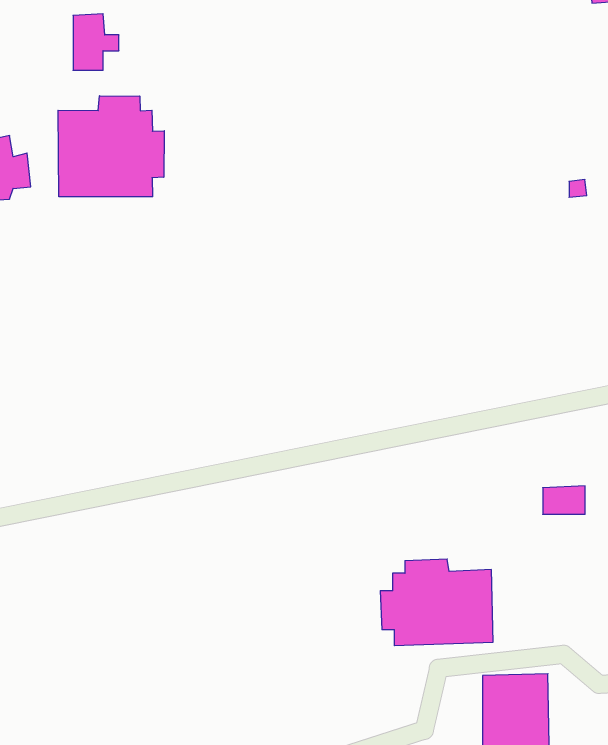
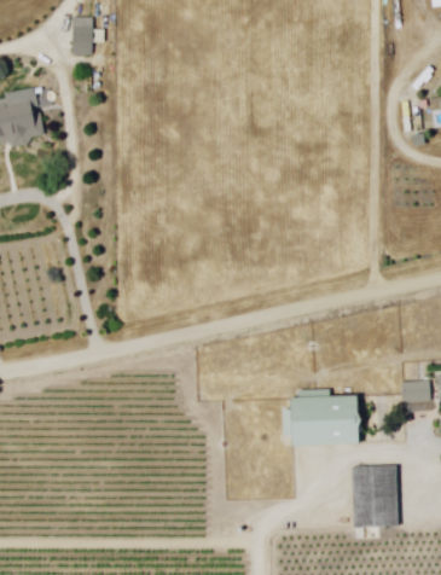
building: [58,96,164,197] -> none
building: [543,486,585,514] -> [402,381,431,400]

